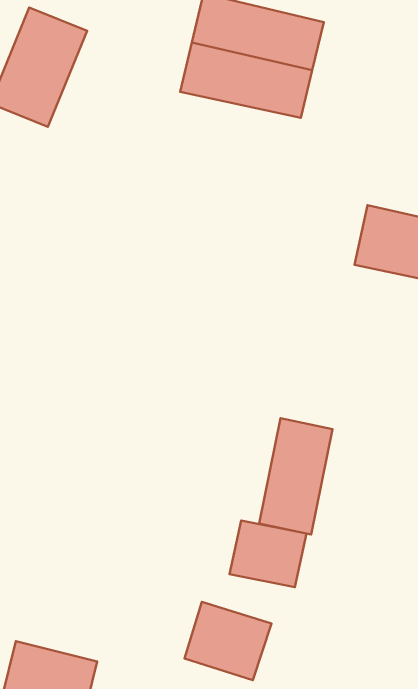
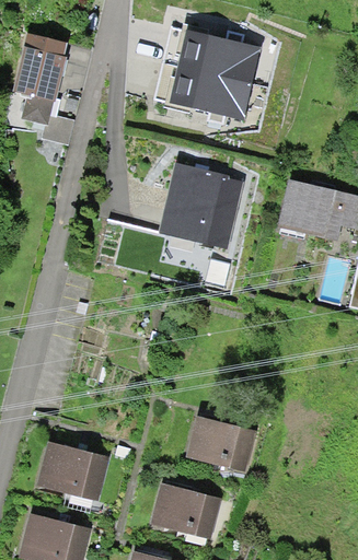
building: none -> [164,168,246,249]
building: [259,418,332,535] -> none
building: none -> [42,441,109,503]

